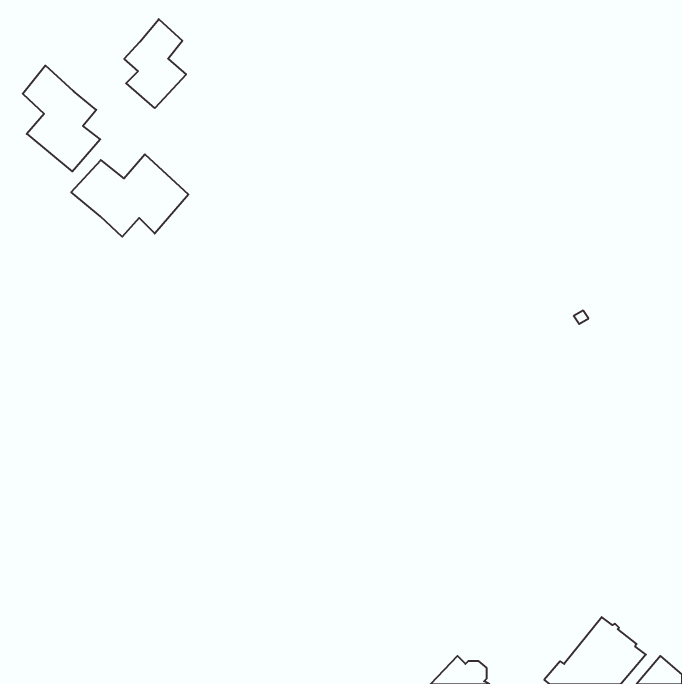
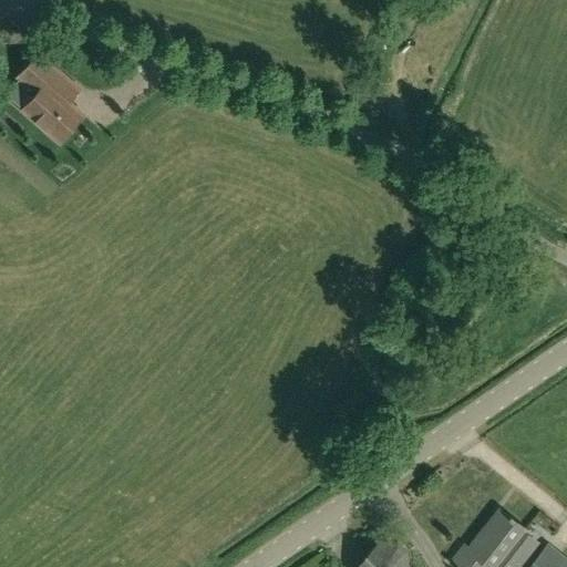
building: [124,19,186,108] -> none
building: [71,154,188,237] -> none

